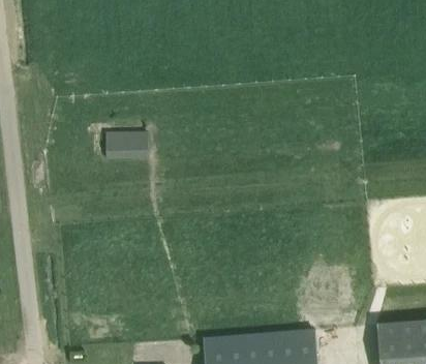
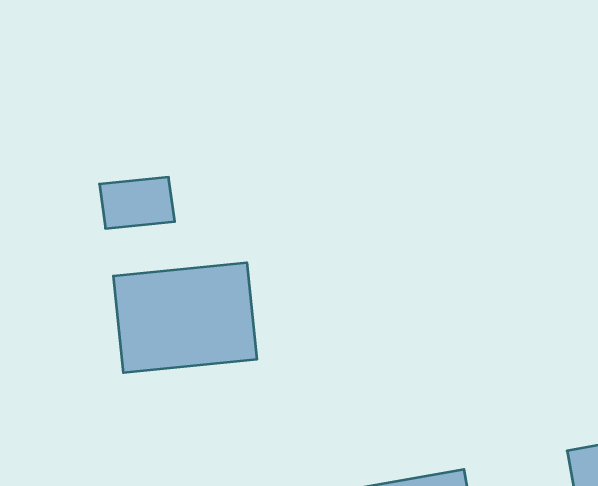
building: none -> [113,263,257,373]

